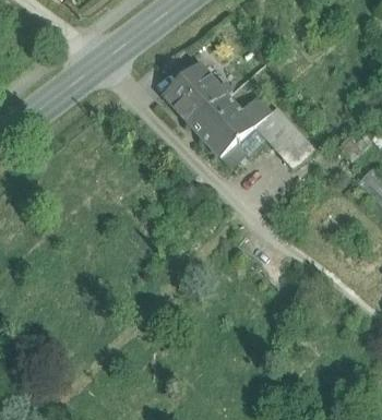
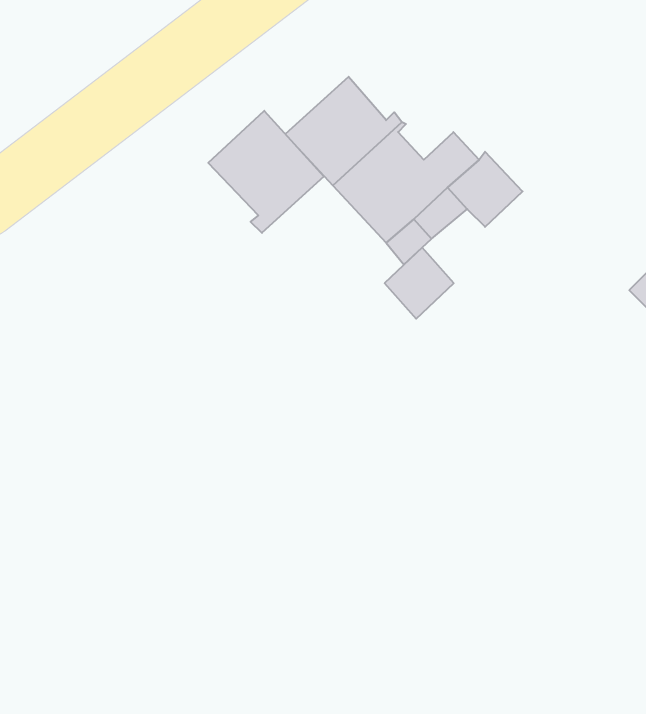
building: none -> [208,111,324,233]
building: [275,128,313,167] -> [385,248,454,319]

